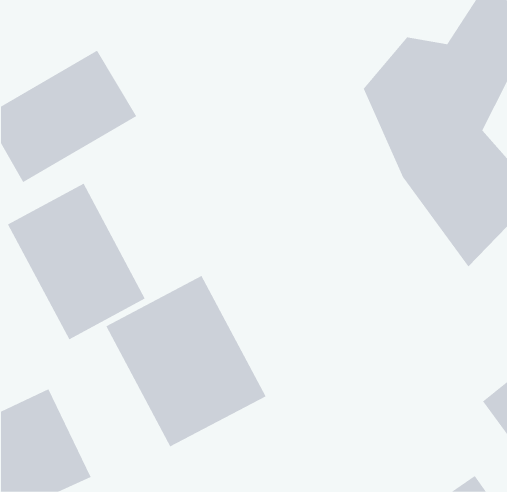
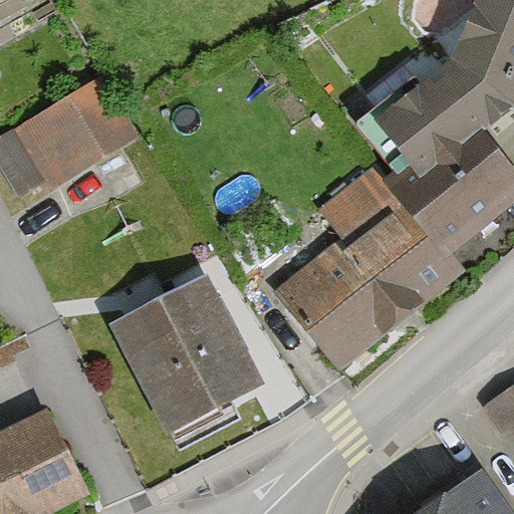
building: none -> [268,180,474,373]
building: [7,183,146,340] -> none

